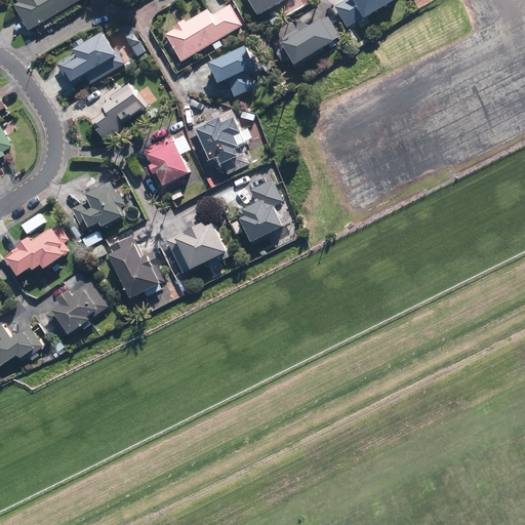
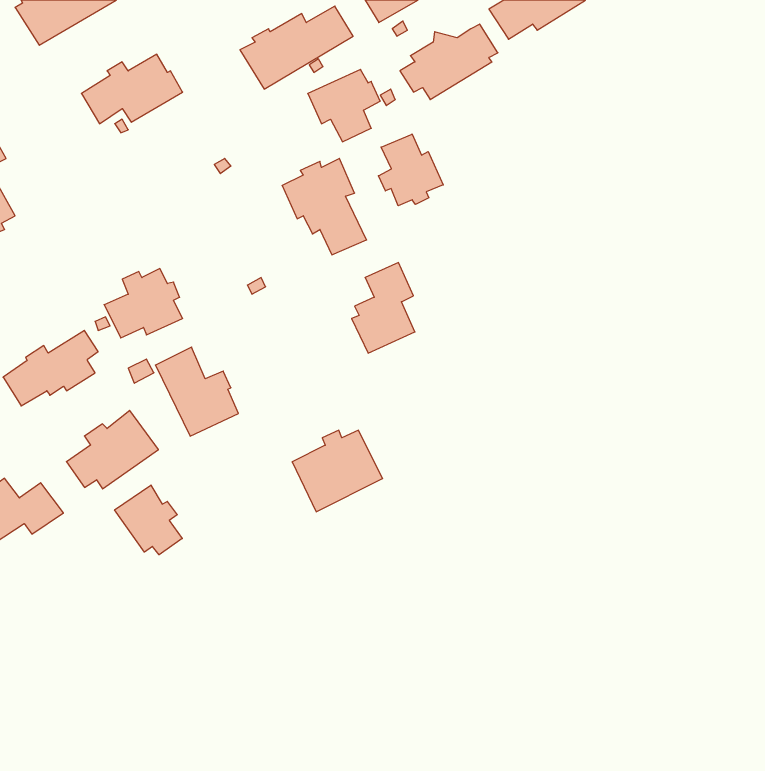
building: [91,83,146,139] -> none
building: none -> [378,134,443,206]
building: [142,135,188,195] -> none
building: [165,217,227,273] -> [292,430,383,512]
building: none -> [115,485,182,555]

